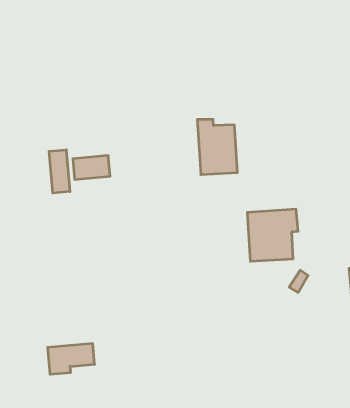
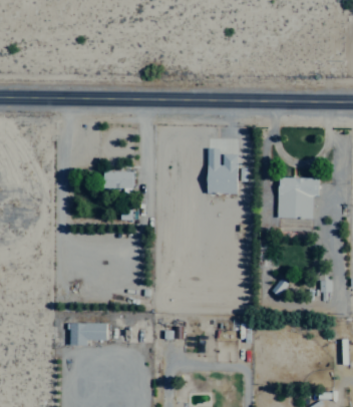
building: [49,150,70,193] -> none
building: [247,209,298,261] -> [278,176,319,218]

